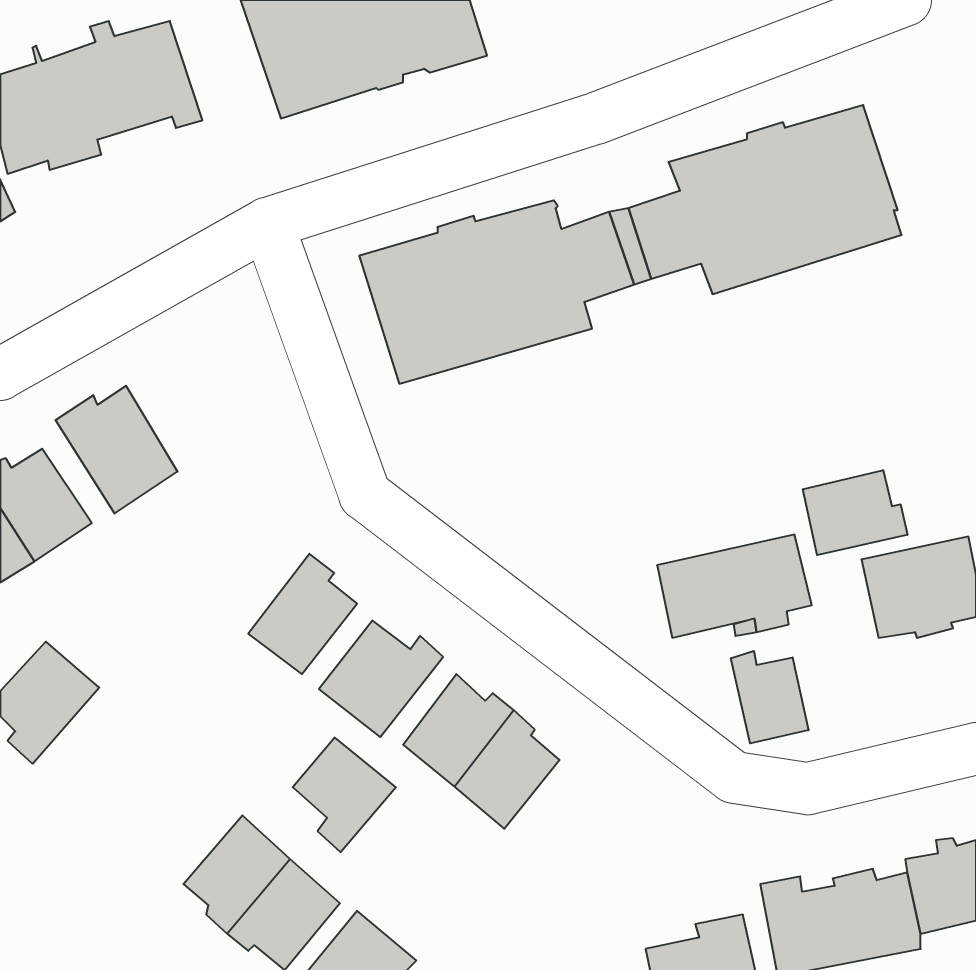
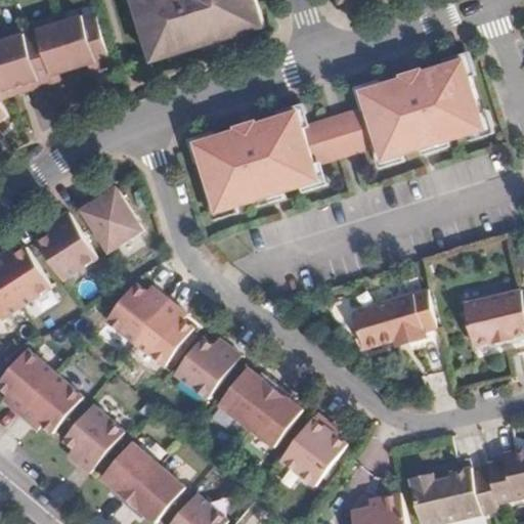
building: none -> [75,180,141,248]
building: [803,470,907,555] -> none
building: none -> [103,281,166,343]
building: [731,651,809,743] -> none
building: none -> [17,372,80,431]
building: [293,738,396,852] -> [67,403,122,465]
building: none -> [276,412,343,485]

